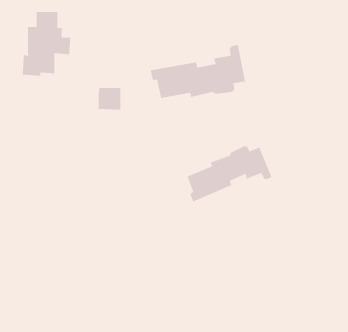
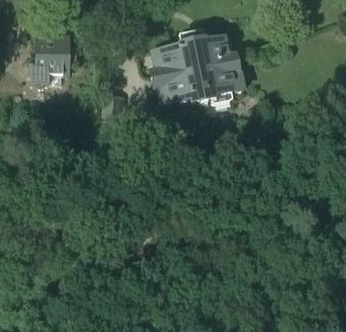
building: none -> [150,29,236,78]
building: [187,145,273,203] -> none

